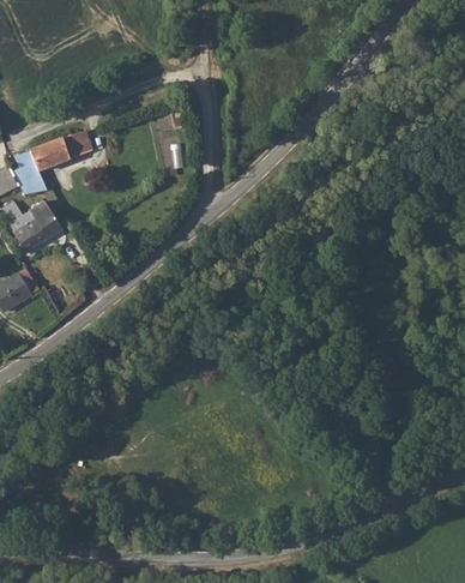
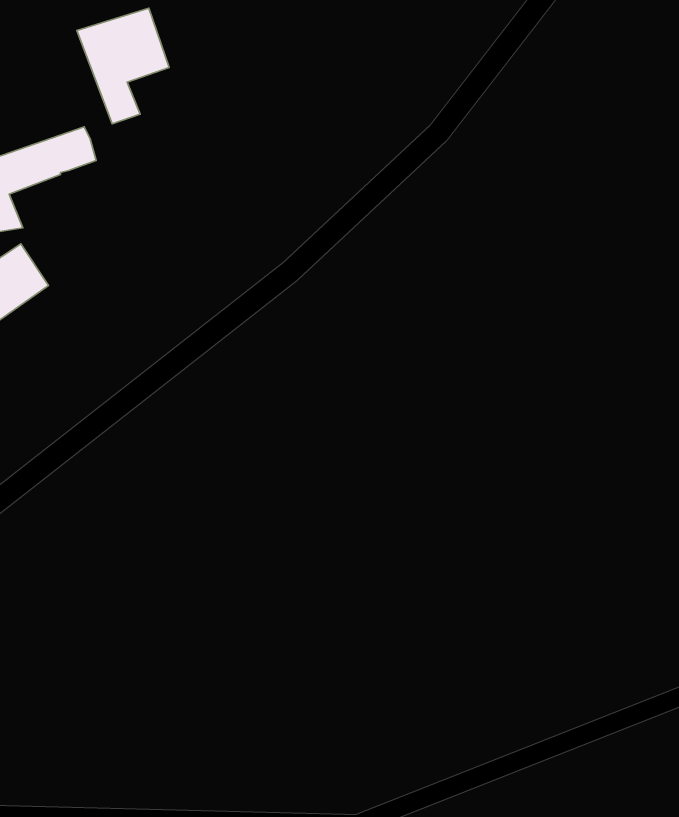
building: none -> [77,8,169,124]

